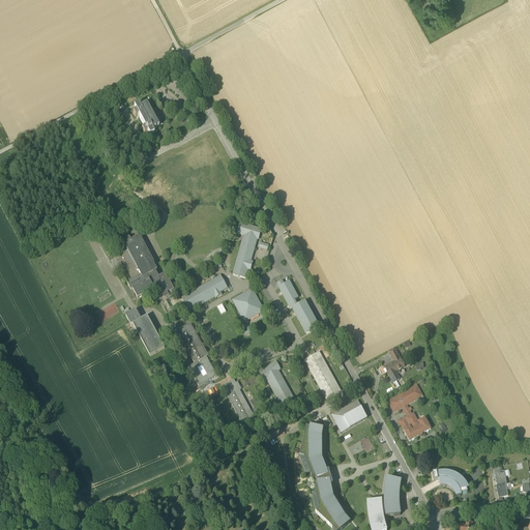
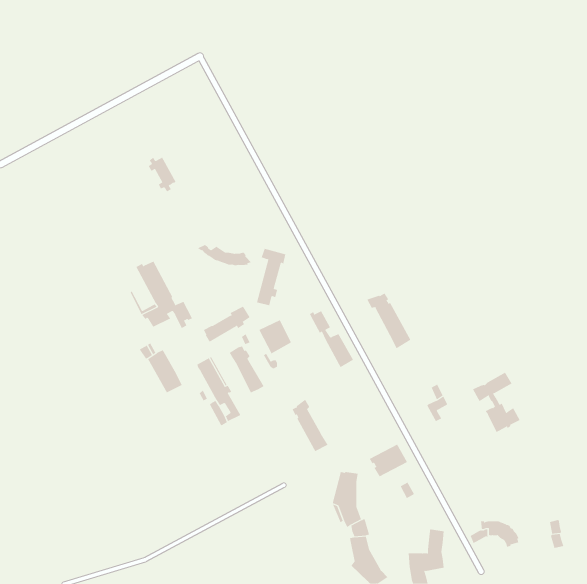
building: [132,101,158,134] -> [148,157,176,193]
building: none -> [197,244,252,266]
building: none -> [367,292,411,349]
building: [305,352,338,396] -> none
building: [222,377,254,419] -> [229,346,264,393]
building: [387,383,431,438] -> [472,372,520,433]

